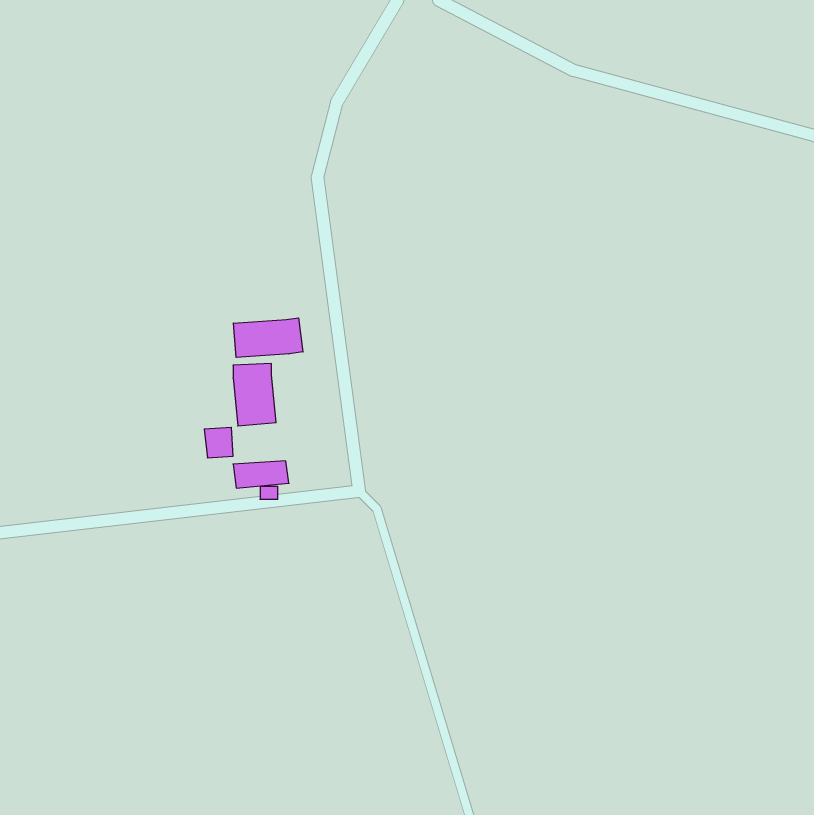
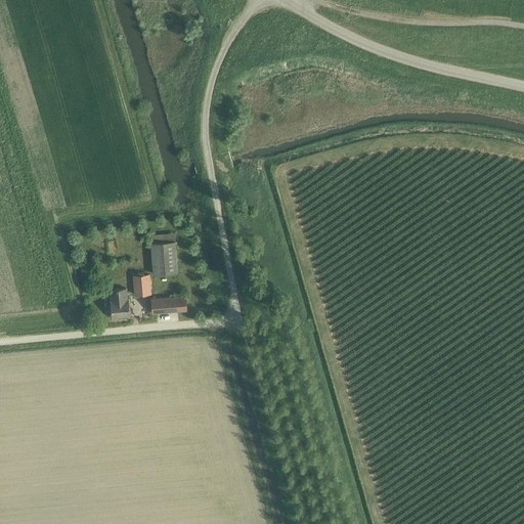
building: [233,318,303,357] -> none
building: none -> [110,289,128,316]

